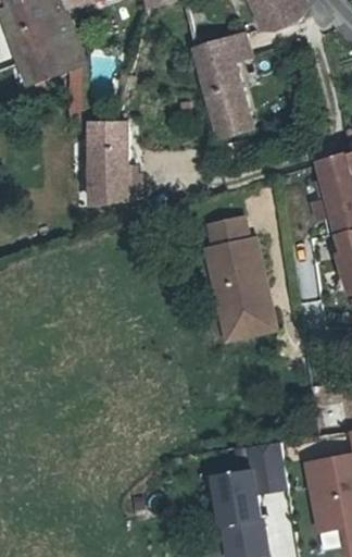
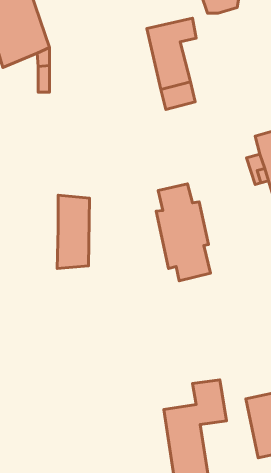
building: [89,117,126,201] -> [57,195,90,269]
building: [219,289,276,344] -> none

